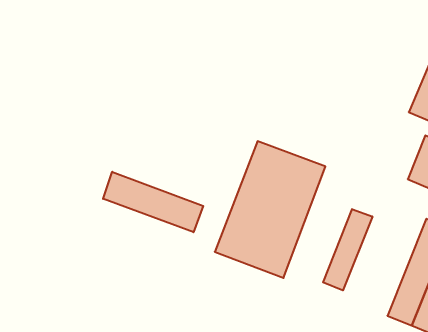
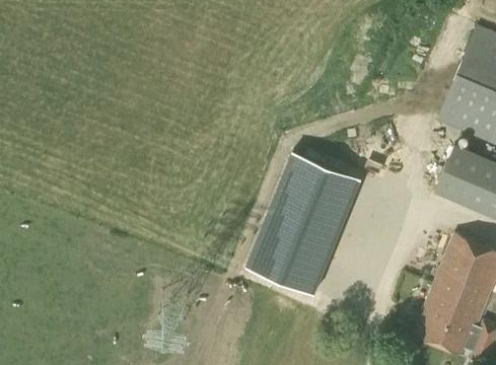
building: [103,172,203,232] -> none
building: [323,209,372,290] -> none

